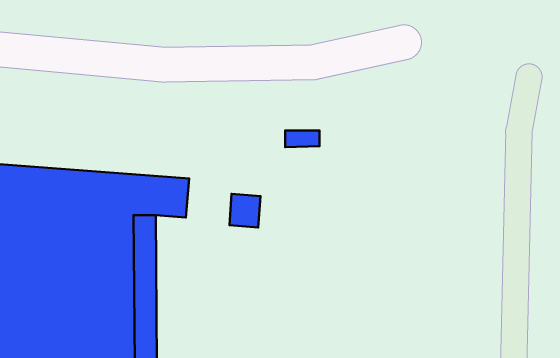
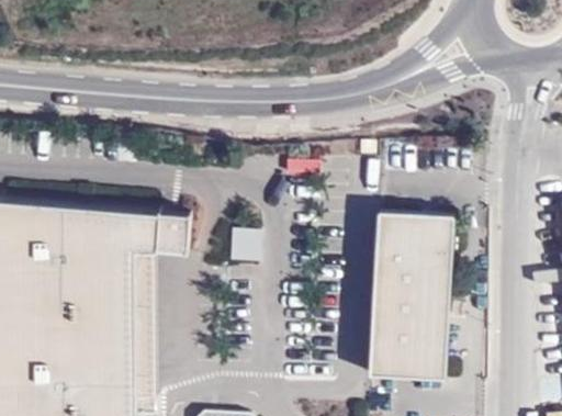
building: none -> [367,212,451,380]

